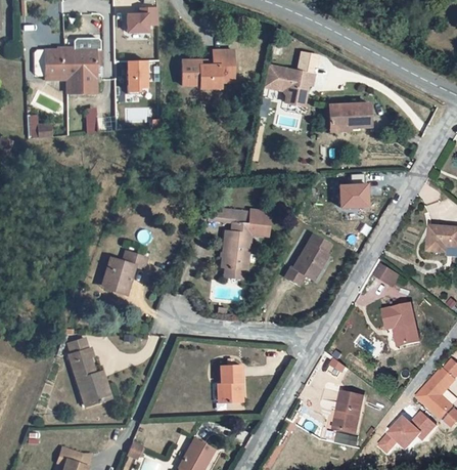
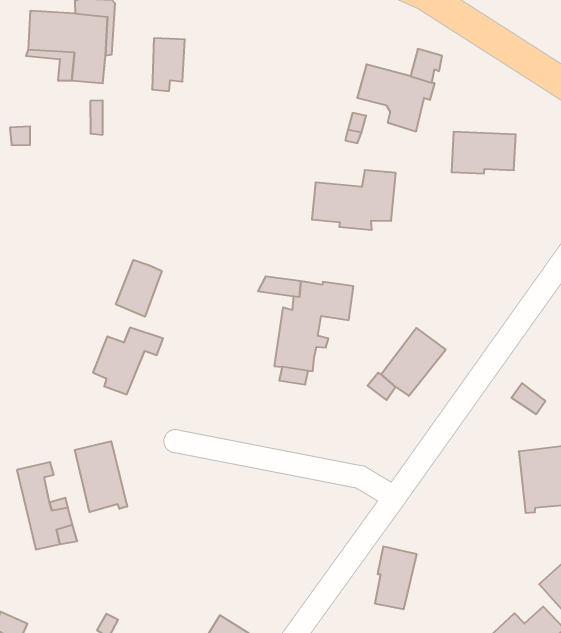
building: [183,51,235,90] -> [312,170,396,230]
building: [341,172,369,206] -> none
building: none -> [116,260,162,317]
building: none -> [75,441,127,512]
building: [214,362,235,400] -> none
building: [337,388,362,428] -> [375,546,417,609]

